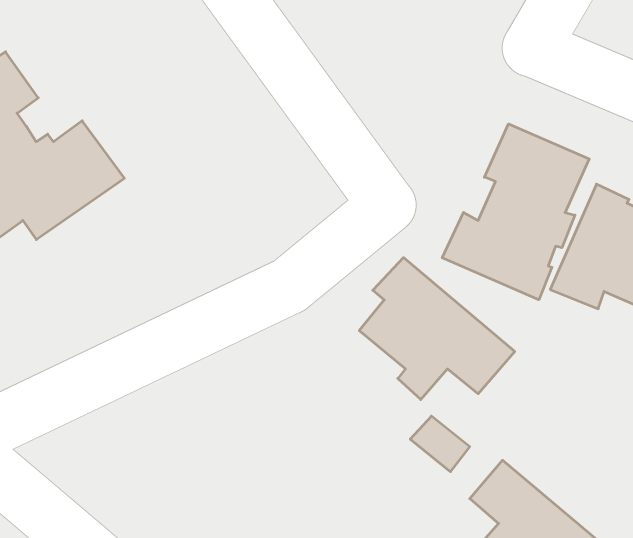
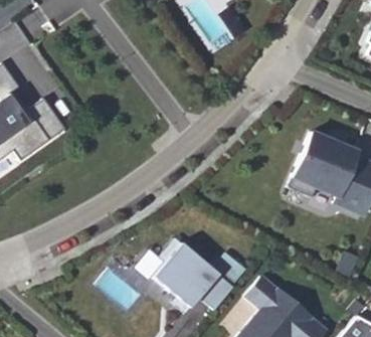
building: [442,124,589,300] -> none
building: [359,258,515,400] -> [153,237,234,312]

